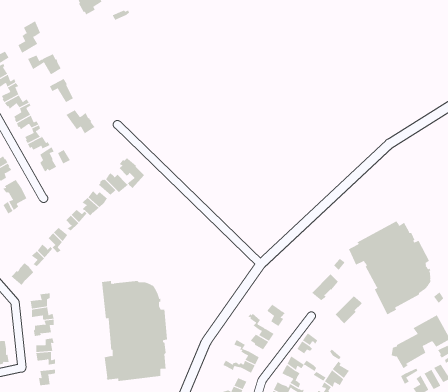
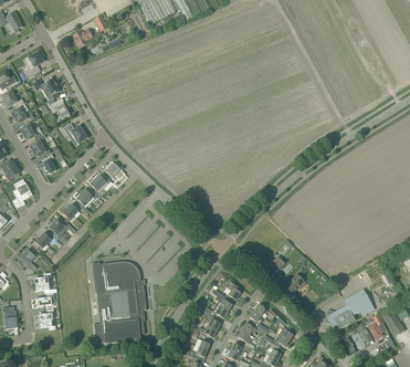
building: [348,221,431,315] -> none

